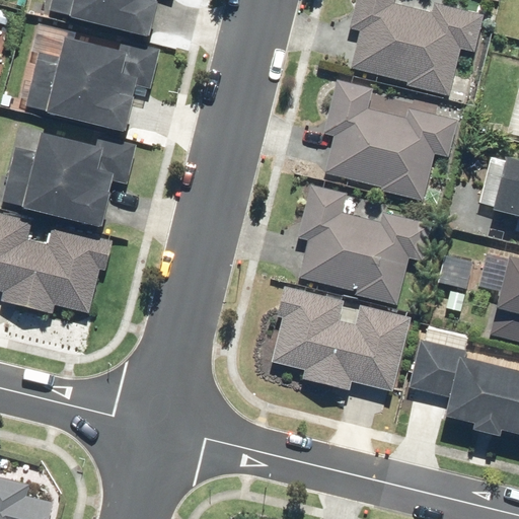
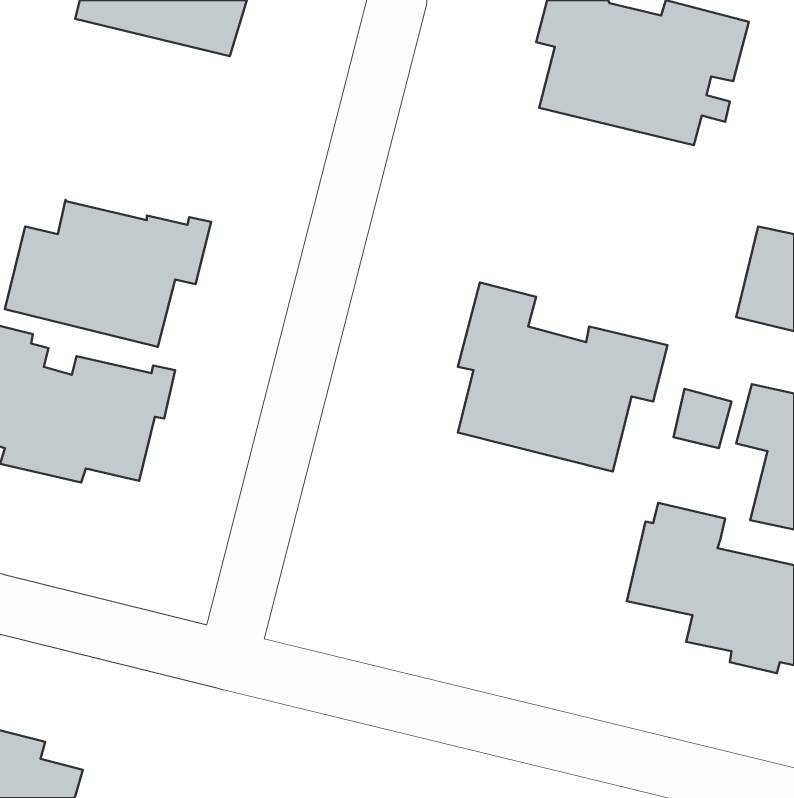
building: [26,35,160,130] -> none
building: [322,79,458,201] -> none
building: [270,283,412,390] -> none

